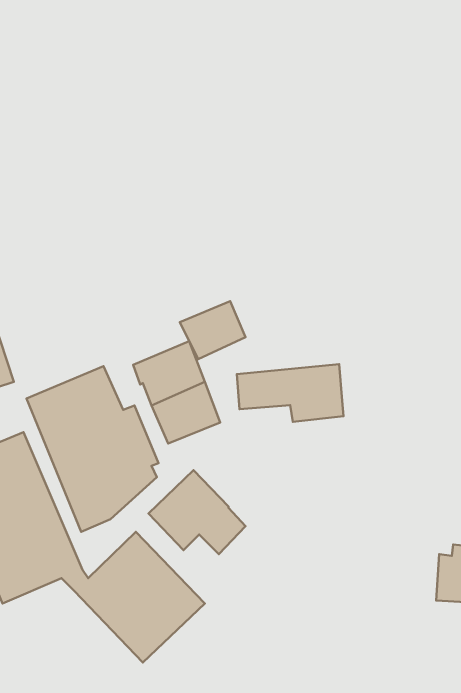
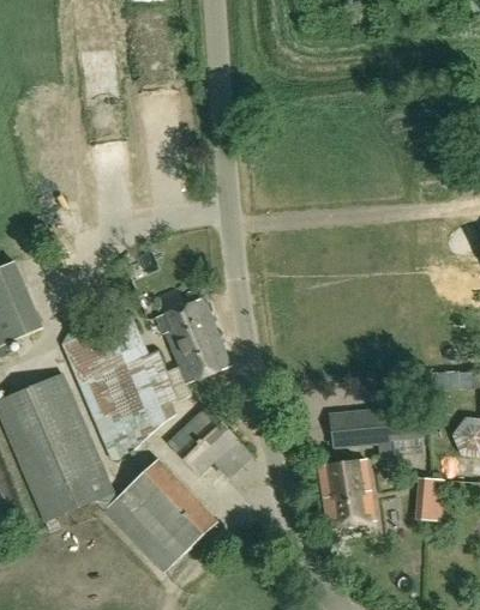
building: [180,301,245,359] -> none
building: [237,364,343,422] -> [330,407,421,457]
building: none -> [318,458,376,526]

